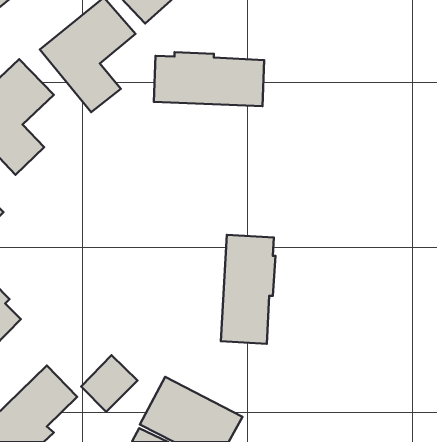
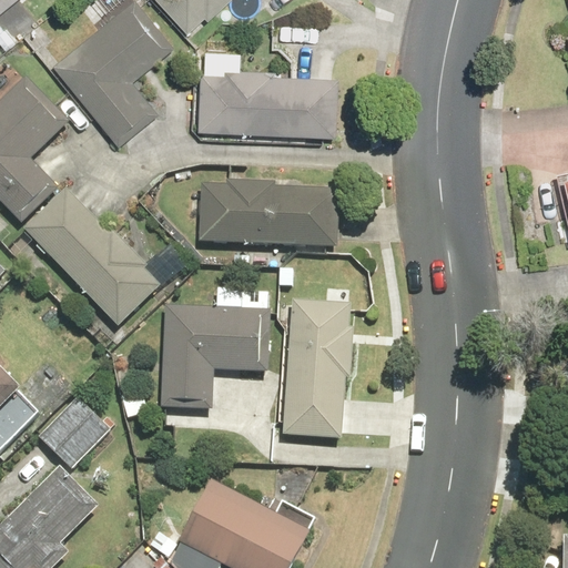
building: none -> [197,180,337,246]
building: none -> [21,187,185,326]
building: none -> [159,305,268,408]
building: [81,355,138,412] -> [37,396,109,468]

